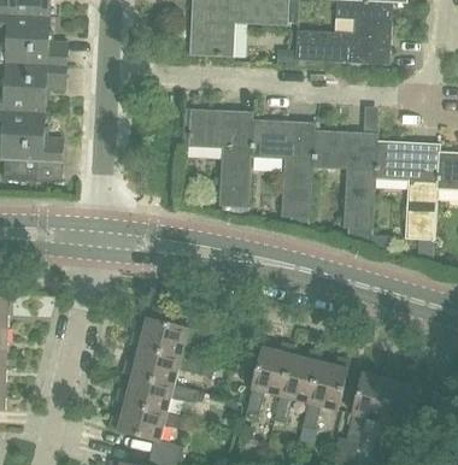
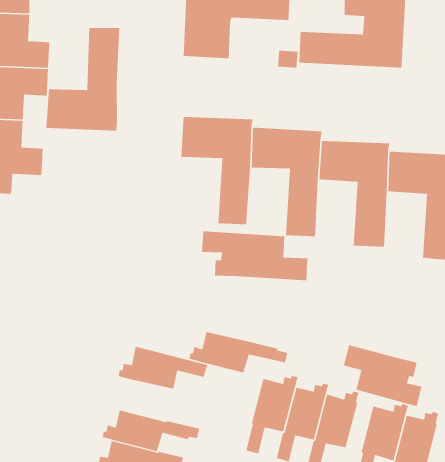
building: none -> [45,27,120,131]
building: none -> [201,230,308,281]
building: none -> [343,344,423,407]
building: [123,347,213,385] -> [188,331,288,374]

